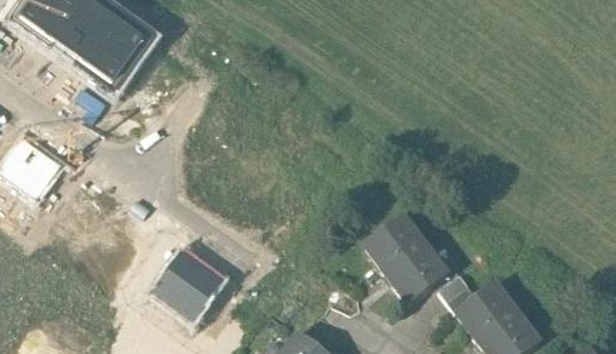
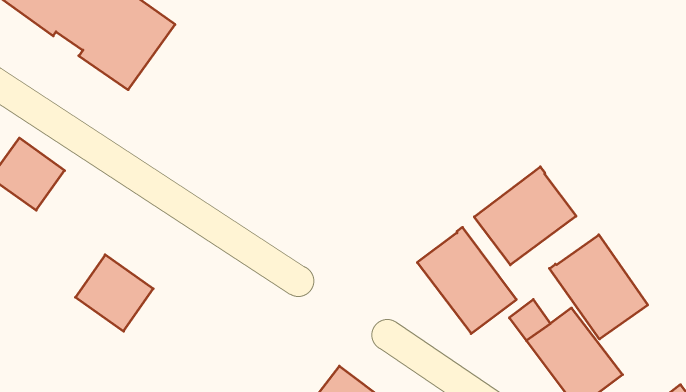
building: none -> [474,167,576,265]
building: none -> [549,235,648,339]
building: [155,253,221,319] -> [75,255,153,331]

